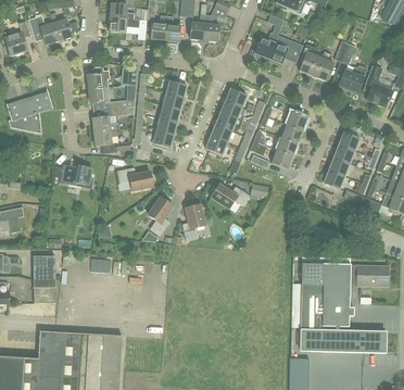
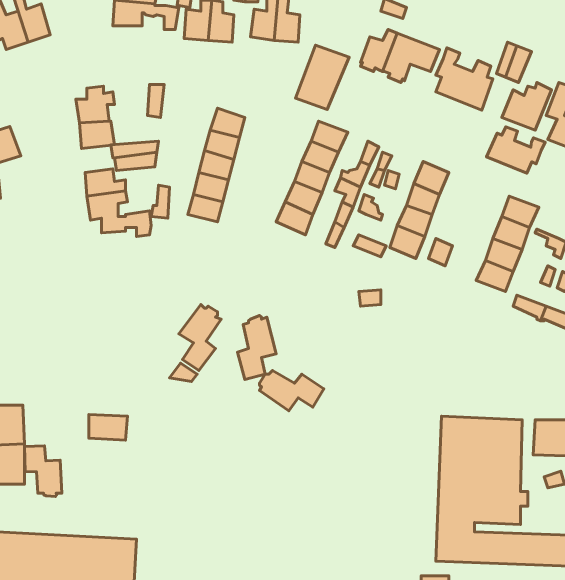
building: none -> [295,45,349,109]
building: none -> [486,127,545,173]
building: [51,164,91,188] -> none
building: [116,166,153,188] -> none
building: [211,184,249,207] -> [260,370,324,411]
building: none -> [25,446,62,497]

